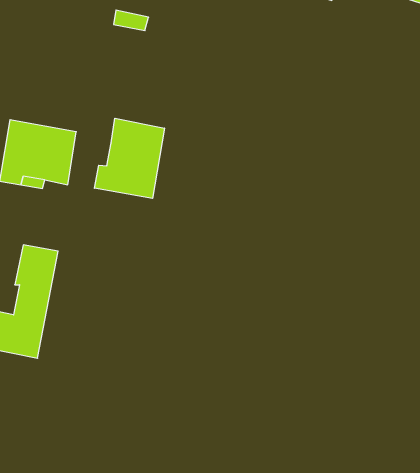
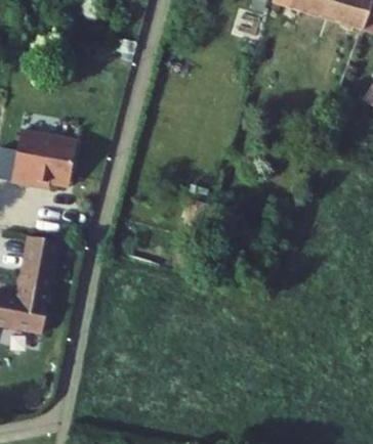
building: [94,118,164,198] -> none

